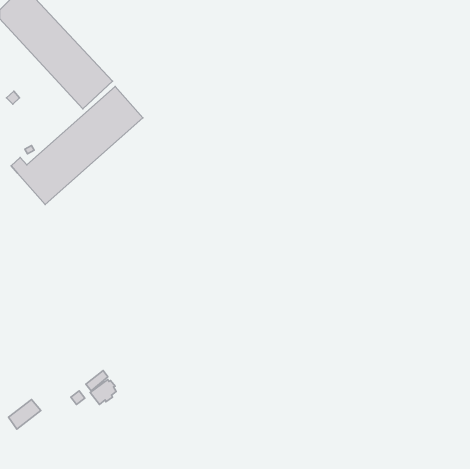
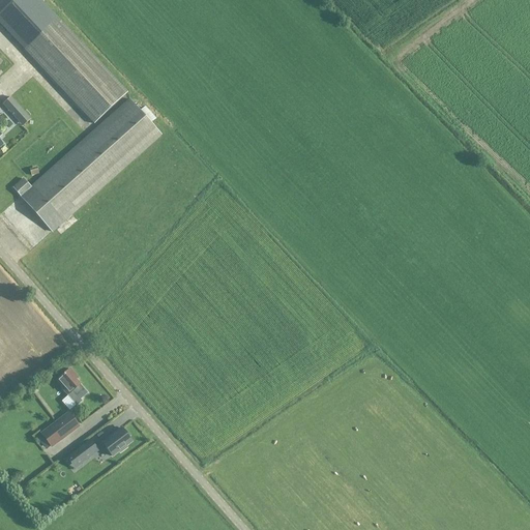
building: none -> [57,367,86,404]
building: [9,400,41,429] -> [41,412,78,445]

